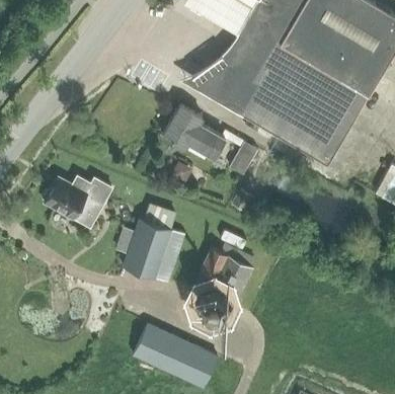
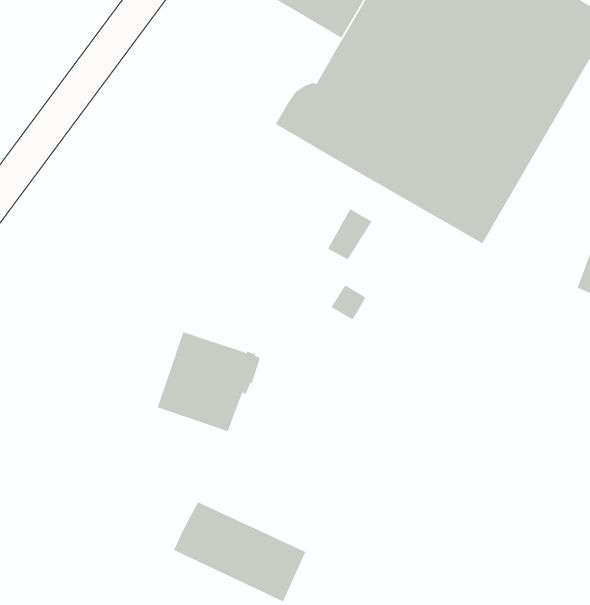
building: [162,105,224,160] -> none
building: [44,176,111,227] -> none
building: [194,248,252,318] -> none

